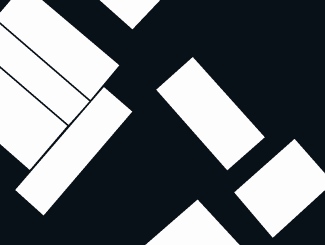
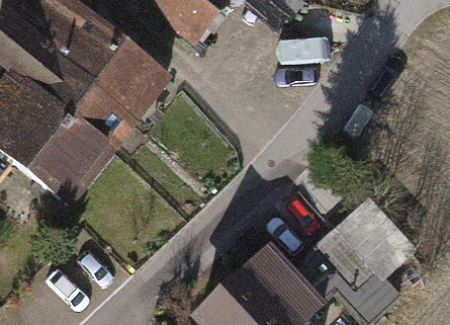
building: [155,56,266,171] -> none
building: [14,86,134,216] -> none

